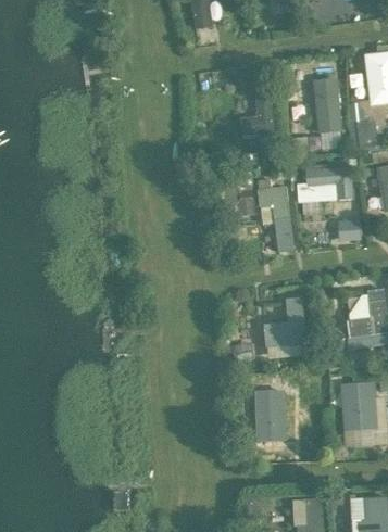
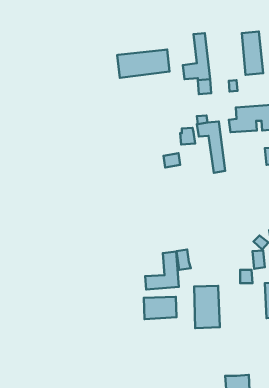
building: none -> [117,50,170,78]
building: [265,300,306,346] -> [145,251,179,289]
building: none -> [144,297,177,319]

